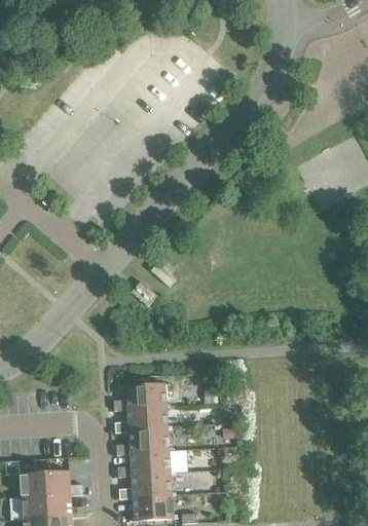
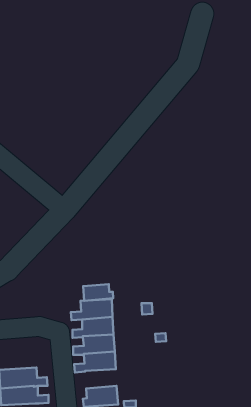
building: none -> [83,284,113,301]
building: [117,473,171,498] -> none

